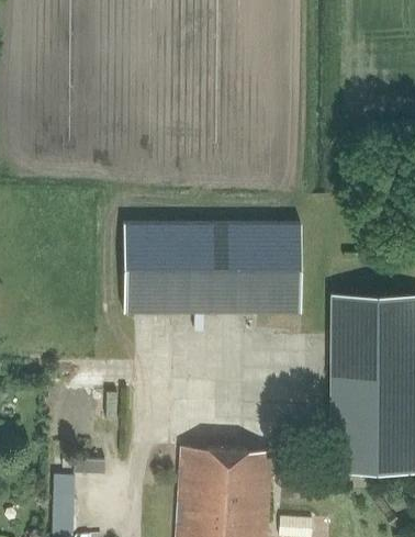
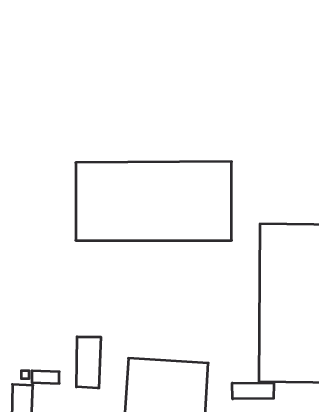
building: none -> [76,337,101,388]
building: none -> [232,383,274,399]

